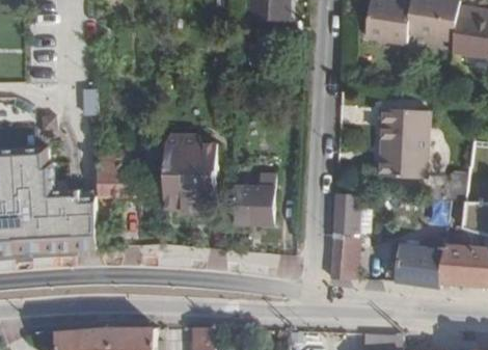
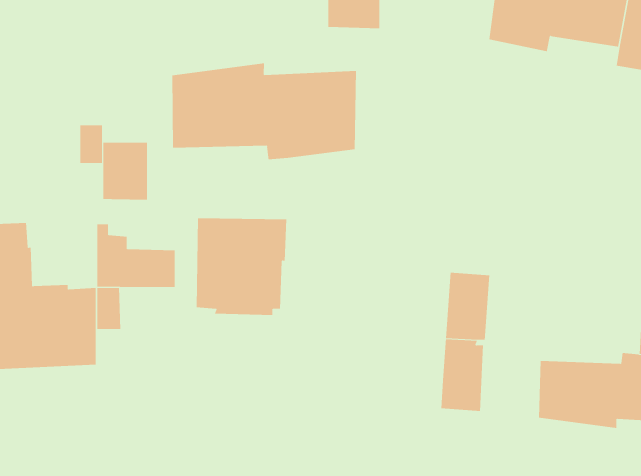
building: none -> [172,63,357,160]
building: none -> [103,142,148,201]
building: [378,102,426,172] -> none
building: [232,177,273,226] -> none

